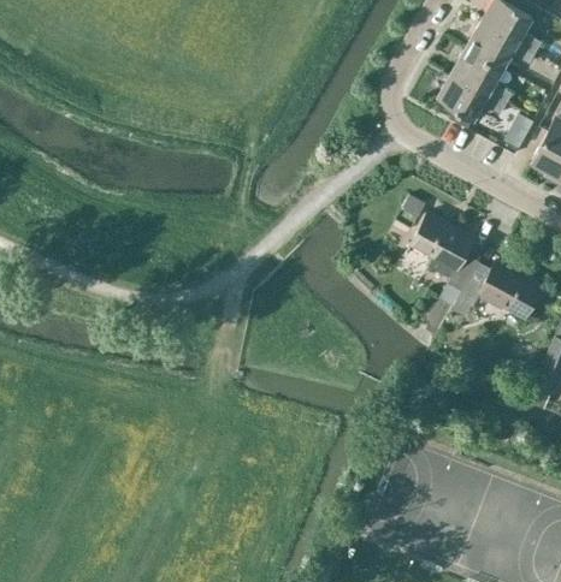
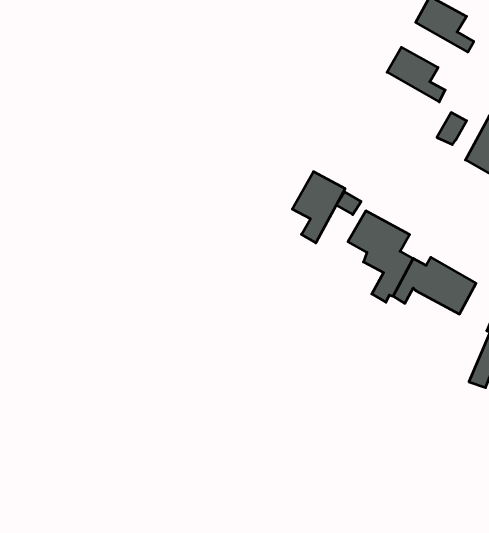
building: [466,25,533,71] -> none
building: [436,76,504,123] -> none
building: none -> [292,172,345,243]

